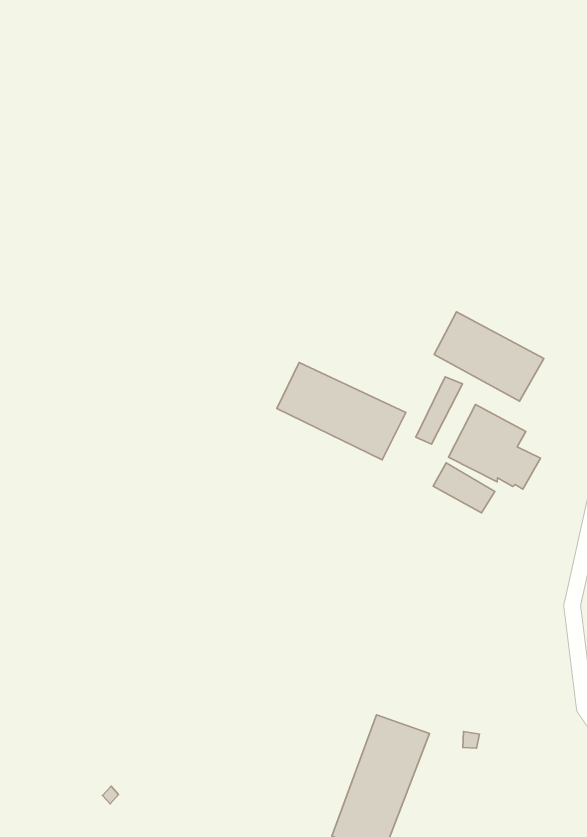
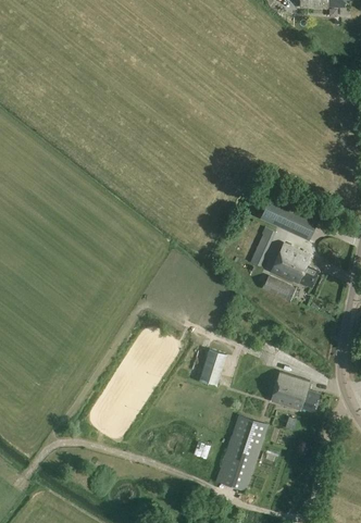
building: [277,363,406,460] -> none
building: none -> [198,349,226,387]
building: none -> [272,371,320,411]

